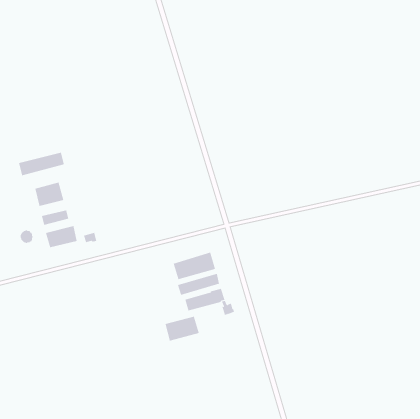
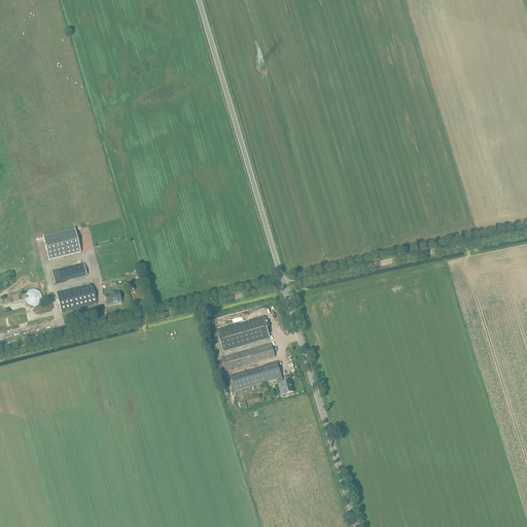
building: [18,152,64,176] -> none
building: [165,316,200,342] -> none

